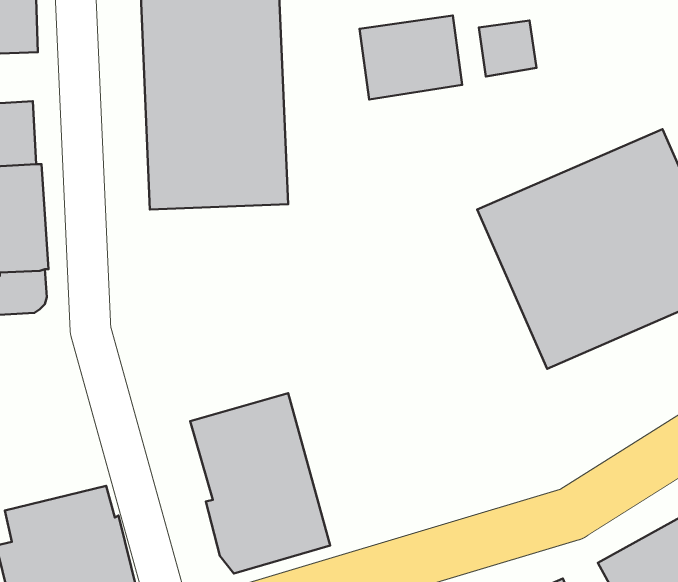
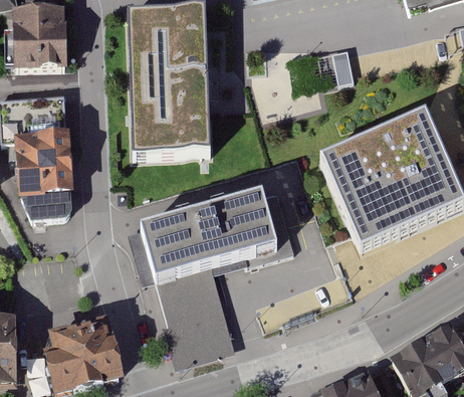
building: [359,15,462,100] -> none
building: none -> [140,193,277,280]

